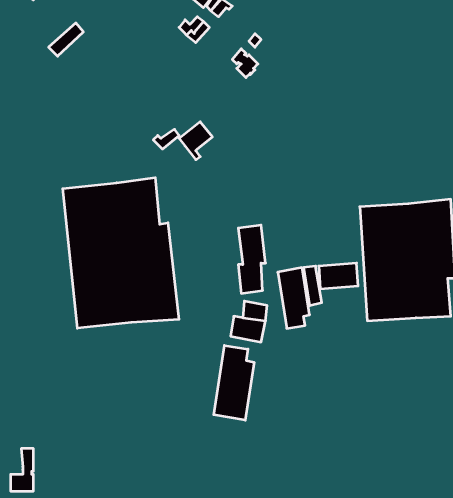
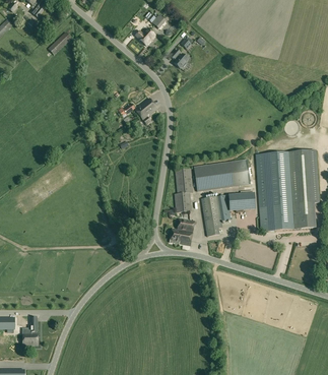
building: [63,178,179,328] -> none
building: none -> [194,159,250,190]
building: [214,345,254,420] -> none

